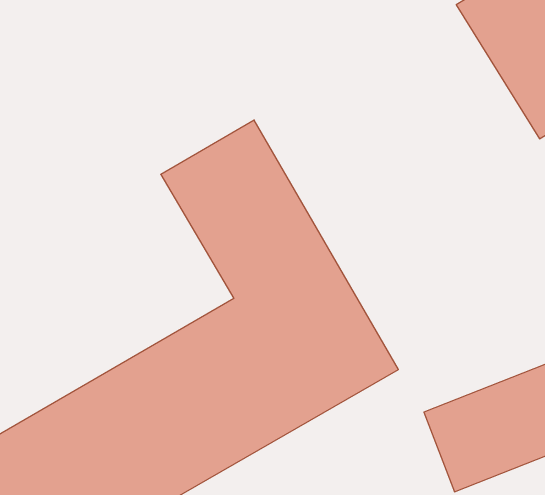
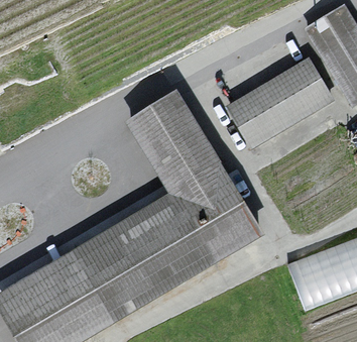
building: none -> [224,51,332,145]

